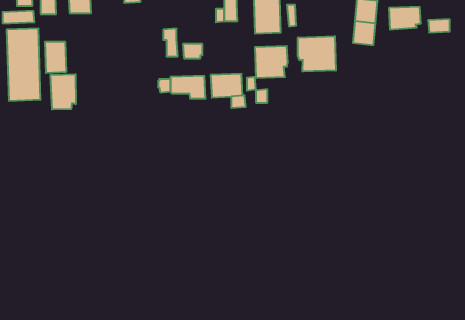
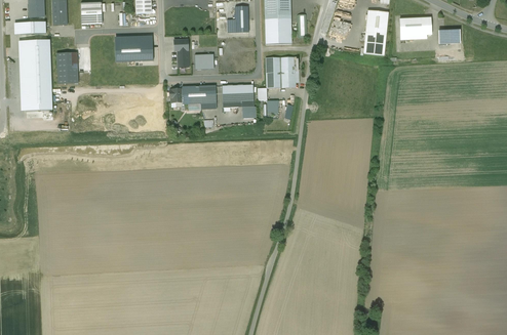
building: none -> [115,35,153,61]
building: [298,36,336,72] -> none
building: [50,74,76,110] -> none

